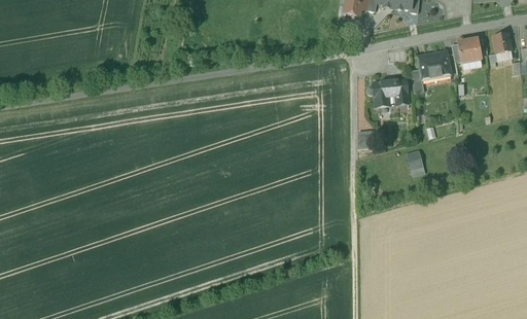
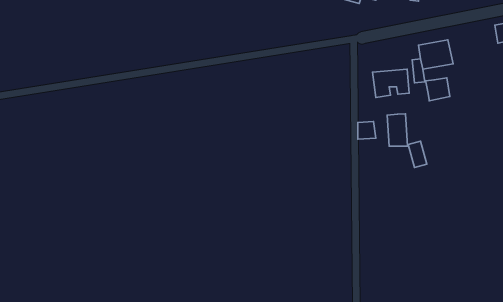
building: [457,39,481,62] -> [426,78,450,101]
building: none -> [387,114,408,146]

